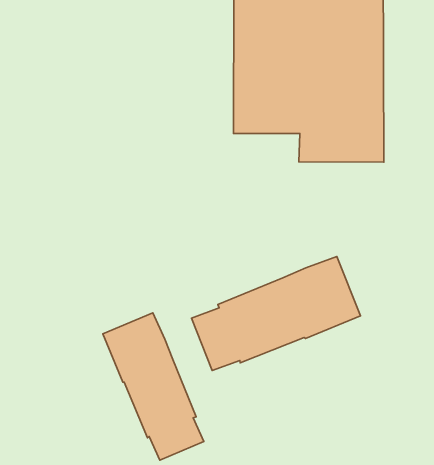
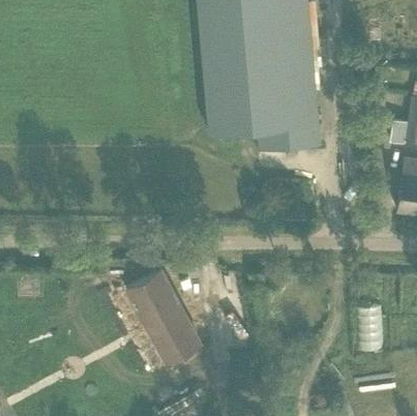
building: [191,256,361,371] -> none

